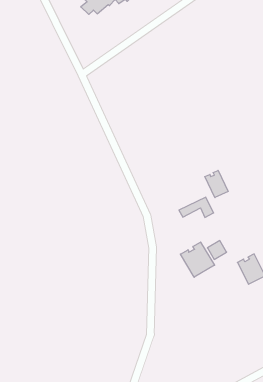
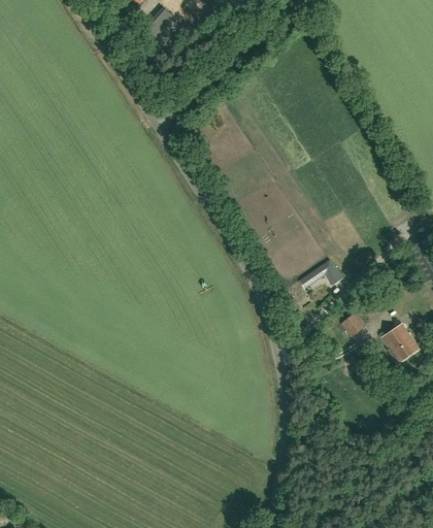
building: [205,170,228,198] -> none
building: [180,242,215,277] -> none

